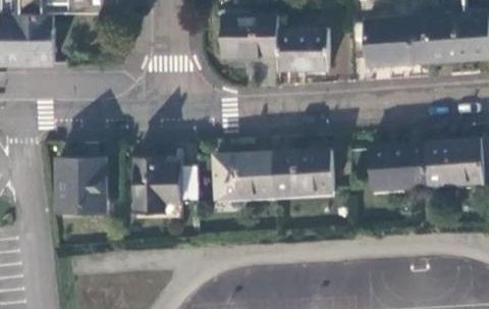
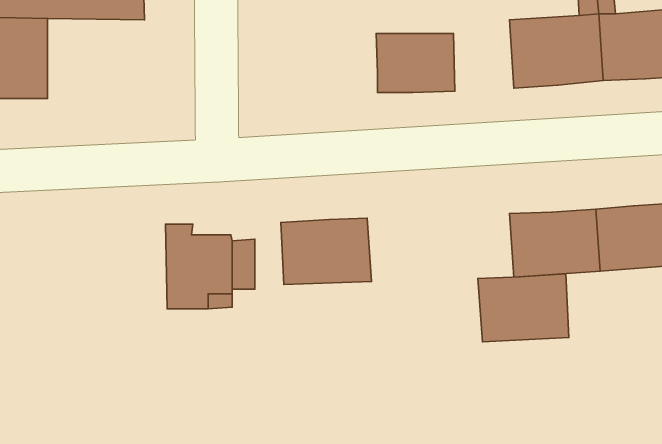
building: [222,15,278,55] -> none
building: [271,149,332,195] -> [478,274,569,342]
building: [57,156,104,211] -> none

